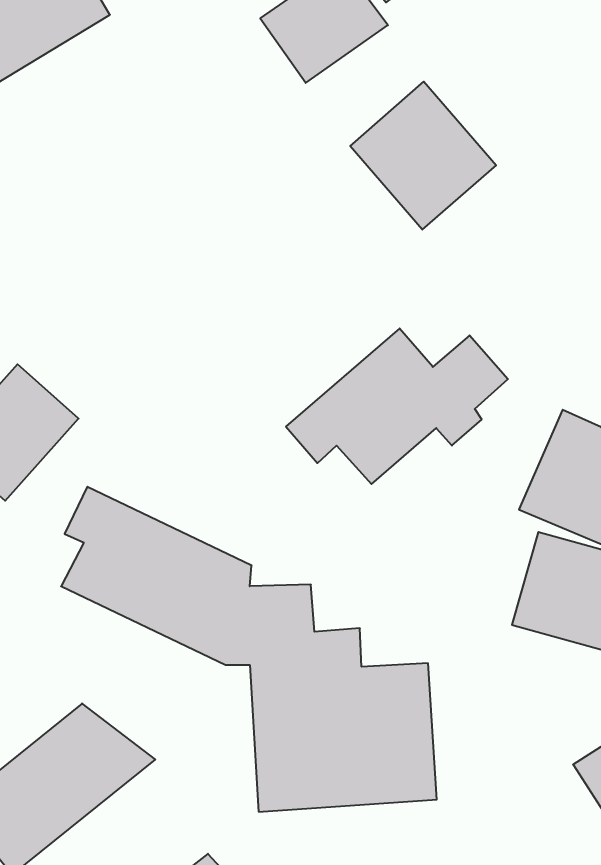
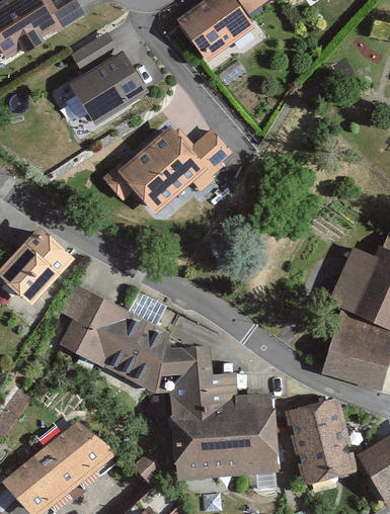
building: none -> [63,39,151,141]
building: [350,82,496,230] -> none
building: [286,328,508,484] -> [103,122,232,212]
building: none -> [285,398,353,481]

